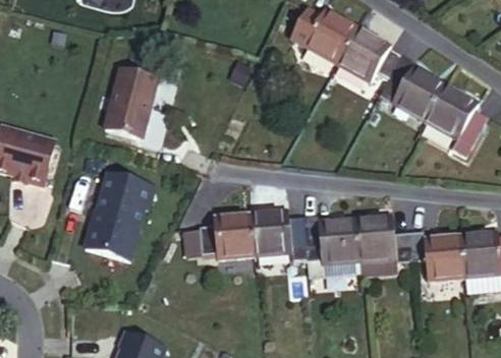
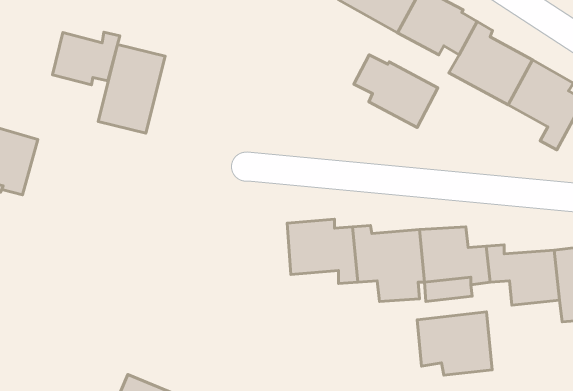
building: none -> [52,32,120,85]
building: none -> [354,55,438,127]
building: [86,179,154,263] -> none
building: [200,213,256,257] -> none
building: none -> [417,312,492,375]

